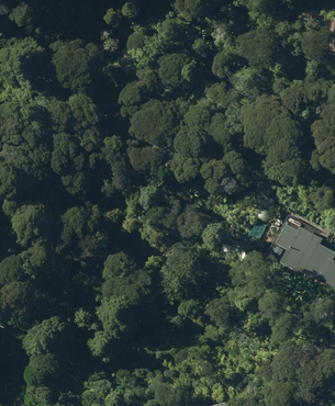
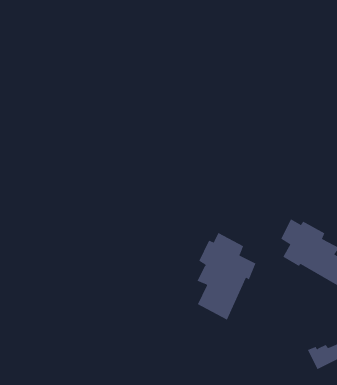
building: none -> [197,232,256,321]

